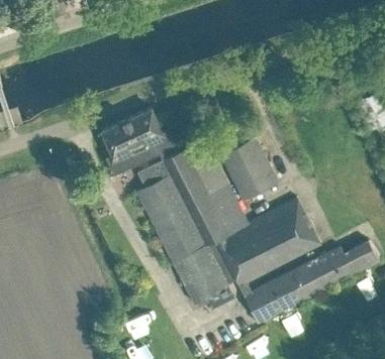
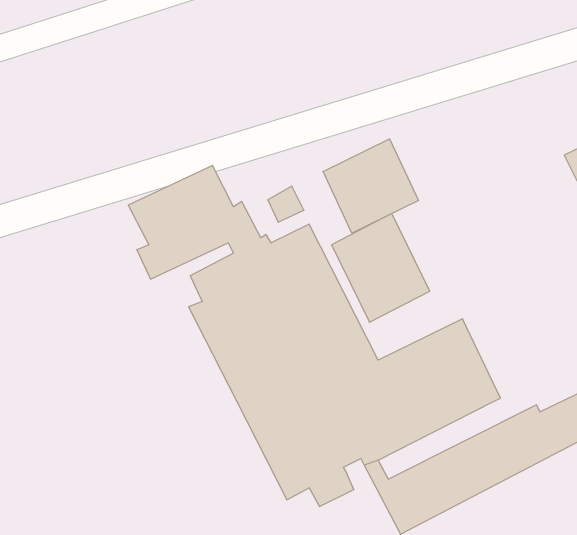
building: none -> [323,139,418,233]

